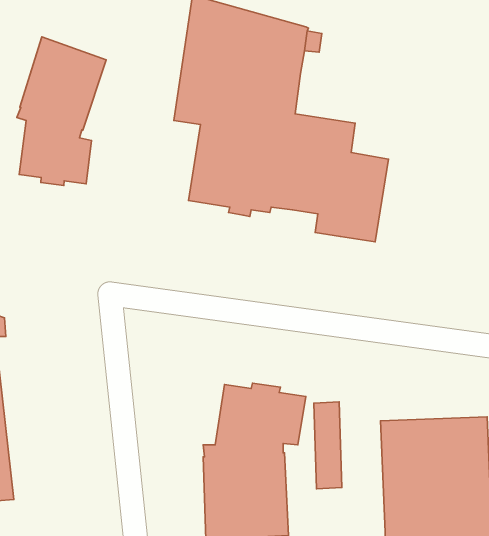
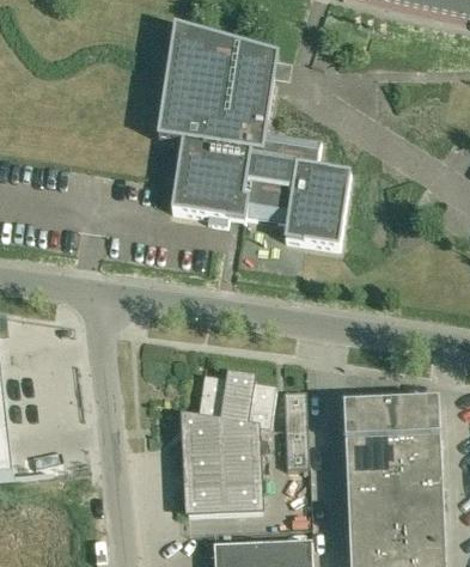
building: [17,37,106,186] -> none

